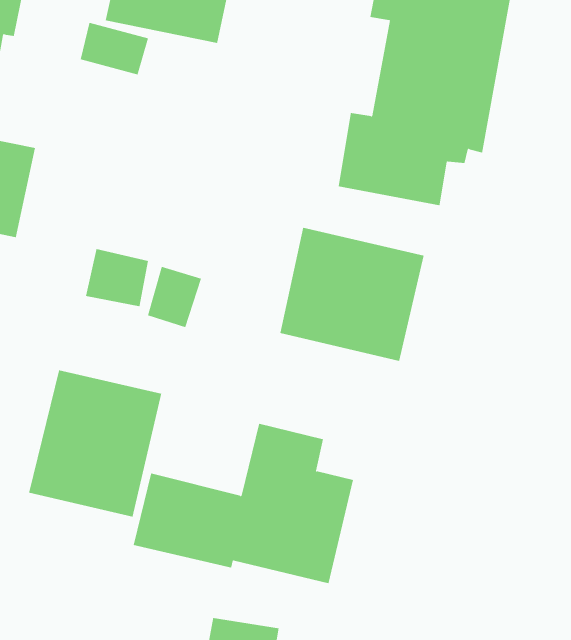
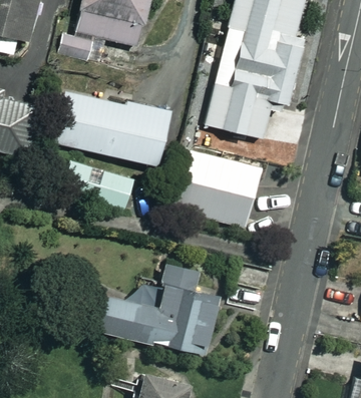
building: none -> [55,91,184,198]
building: [29,370,162,517] -> none

